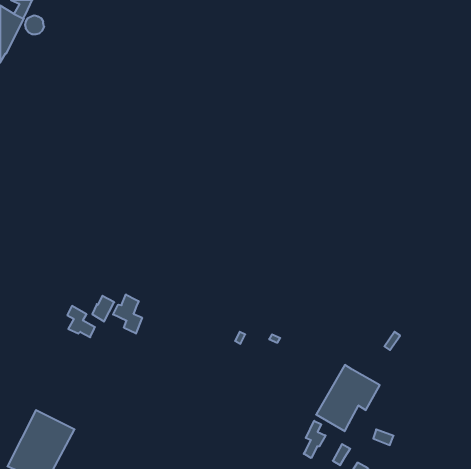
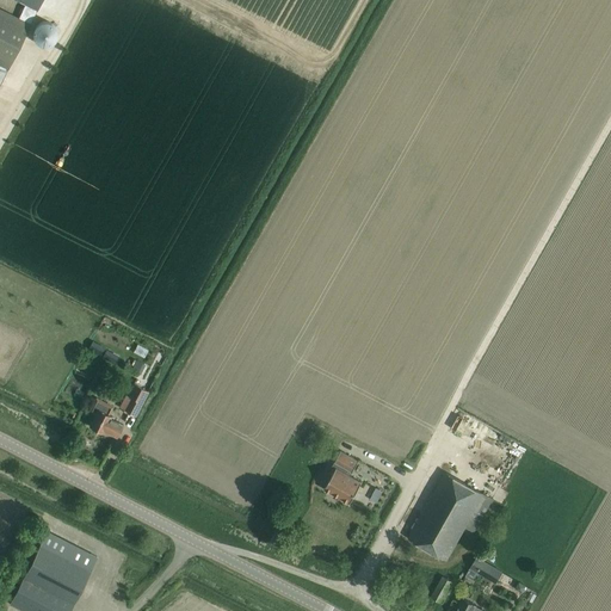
building: [113,294,142,334] -> none
building: none -> [323,452,360,505]
building: [304,421,326,458] -> none

